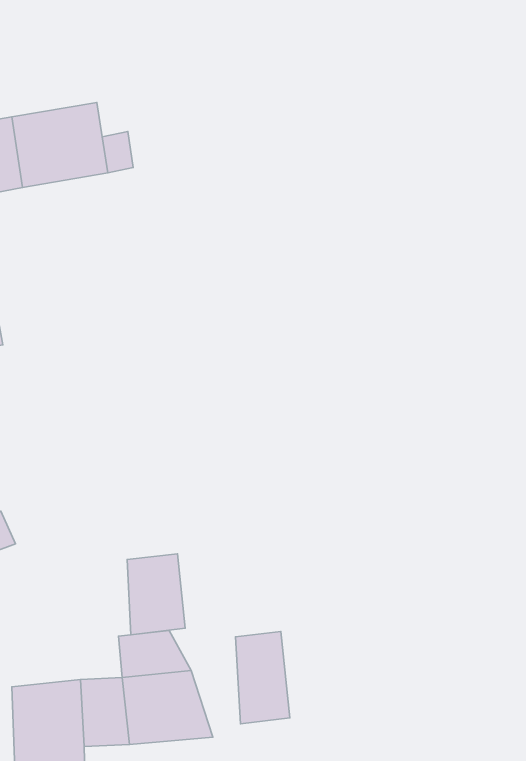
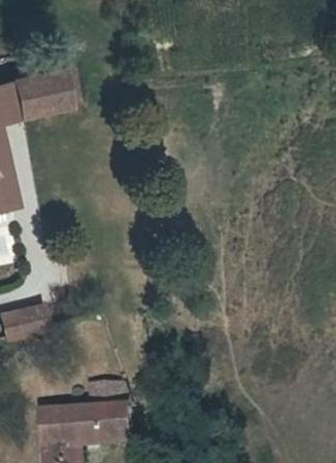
building: [127,554,185,635] -> none
building: [235,631,290,724] -> none

